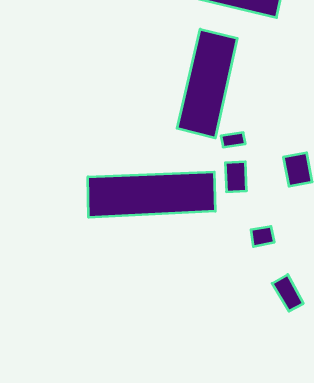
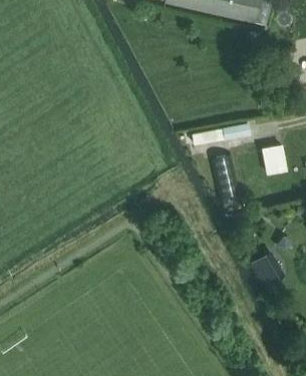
building: [177,29,237,138] -> none
building: [88,172,215,217] -> none

